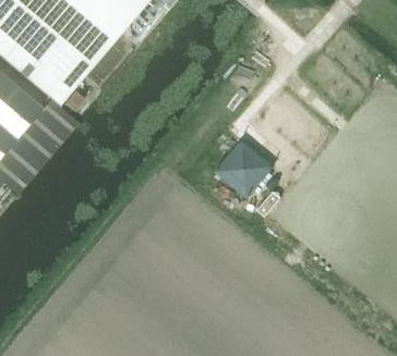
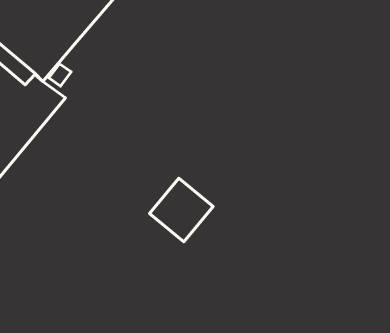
building: [216,137,275,196] -> [150,178,213,242]

